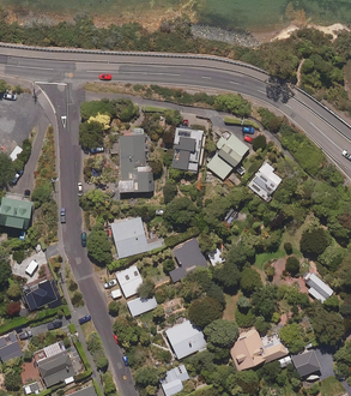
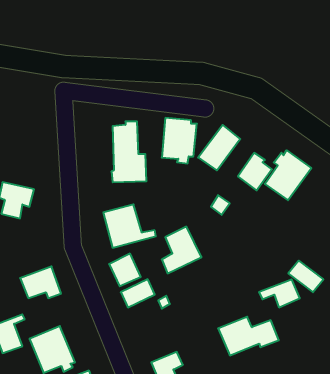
building: none -> [265,150,311,200]
building: [162,314,207,361] -> none
building: [278,348,320,377] -> [259,279,300,307]

